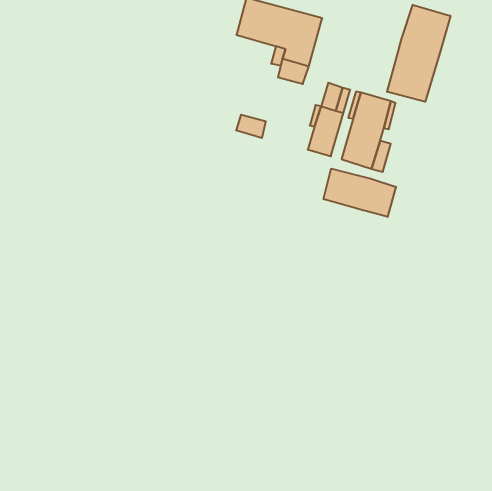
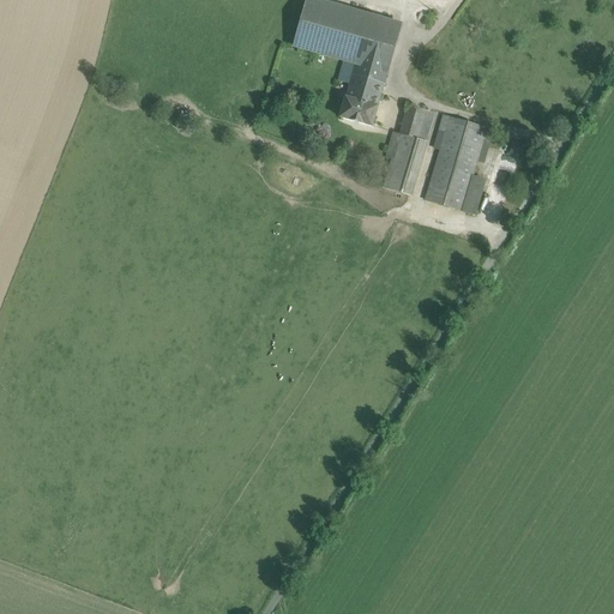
building: [387,5,450,102] -> none
building: [236,115,266,138] -> [339,96,377,125]
building: [324,169,396,217] -> none

